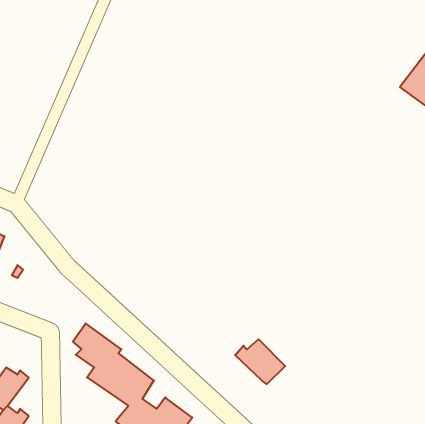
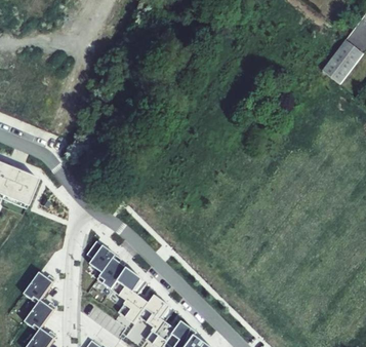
building: [235,339,285,384] -> none

